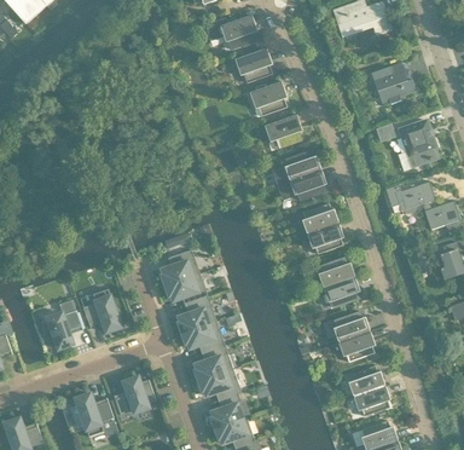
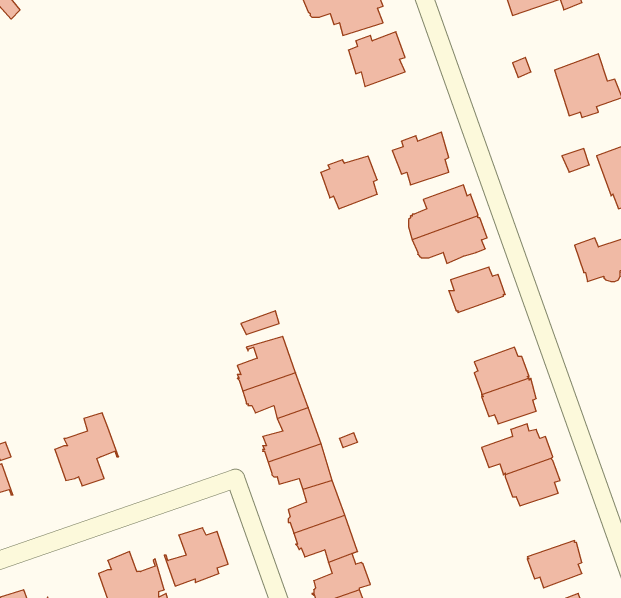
building: [249,81,286,116] -> [321,156,377,209]
building: [307,223,343,254] -> none
building: [82,288,121,331] -> none
building: [348,365,384,396] -> none

